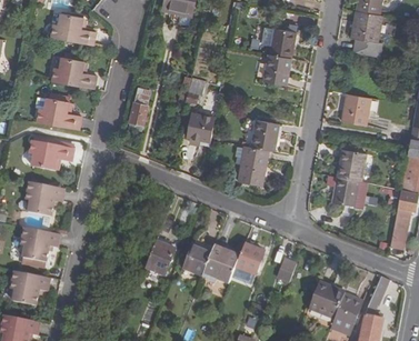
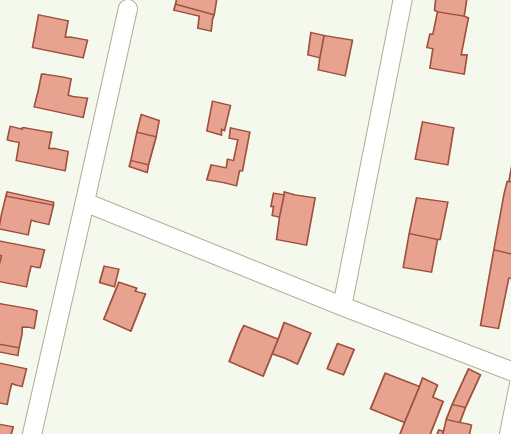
building: [263,54,288,84] -> none
building: [250,120,277,151] -> none
building: [180,239,209,275] -> none
building: [143,240,174,277] -> [104,282,146,331]

